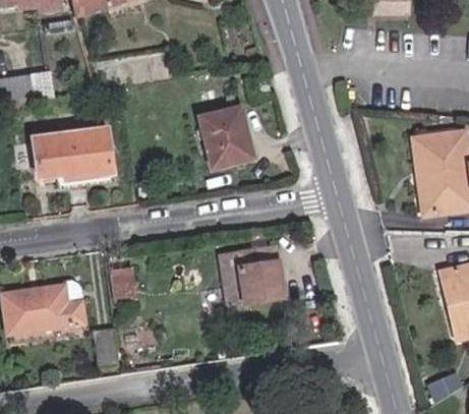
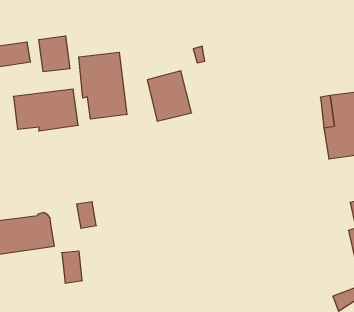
building: none -> [39,36,70,72]
building: none -> [79,52,127,119]
building: [223,247,283,303] -> none

